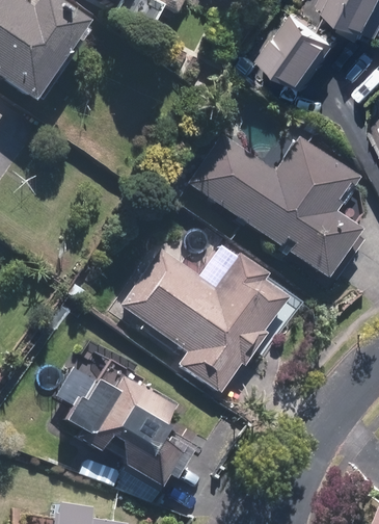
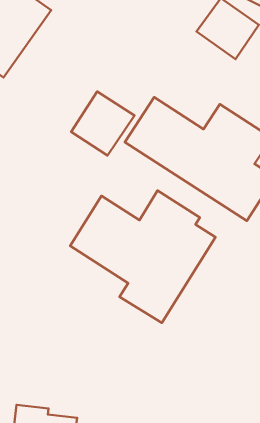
building: none -> [71,91,135,155]
building: [54,362,194,483] -> none

